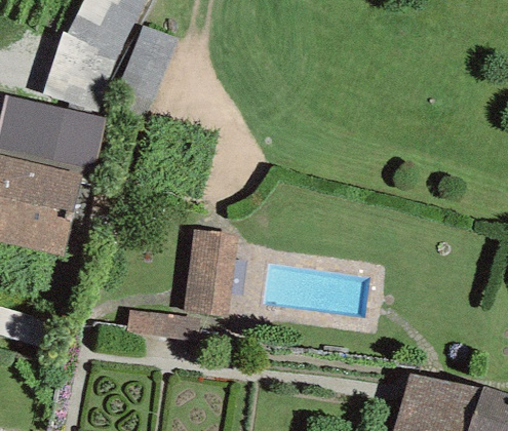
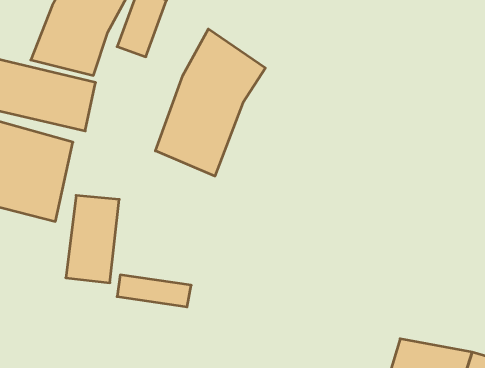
building: none -> [155,29,265,176]
building: [182,230,235,317] -> [66,195,119,283]

